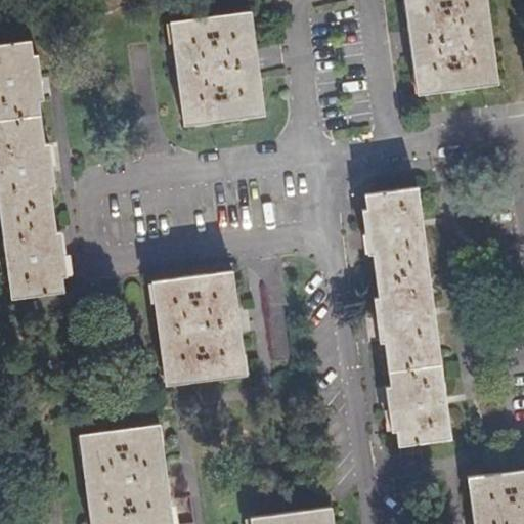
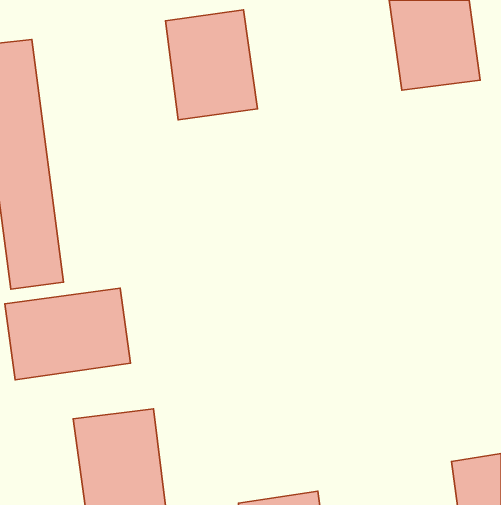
building: [364,187,450,460] -> none
building: [151,272,246,386] -> none
building: none -> [5,288,130,380]

